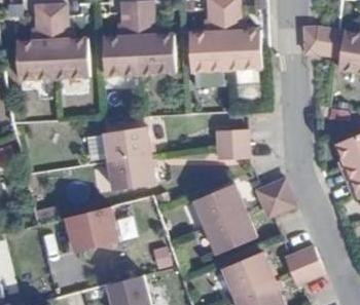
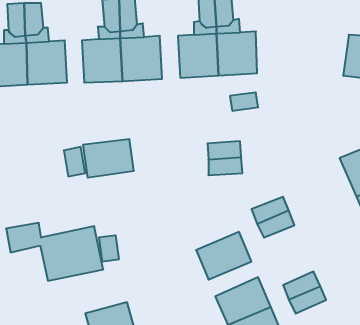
building: [300,25,333,58] -> none
building: [106,155,152,190] -> none
building: [193,184,244,227] -> none

